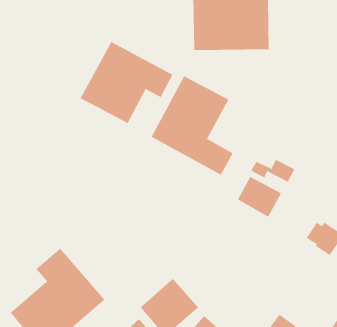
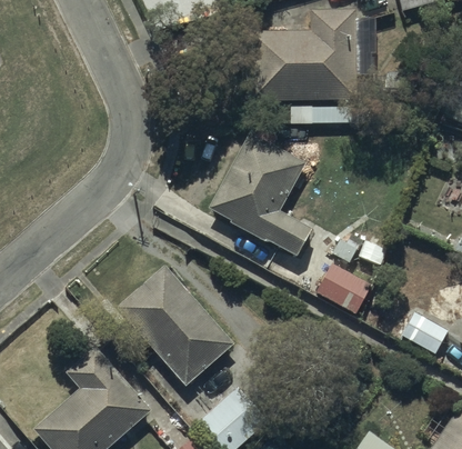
building: [80,41,173,124] -> none
building: none -> [118,267,234,387]

